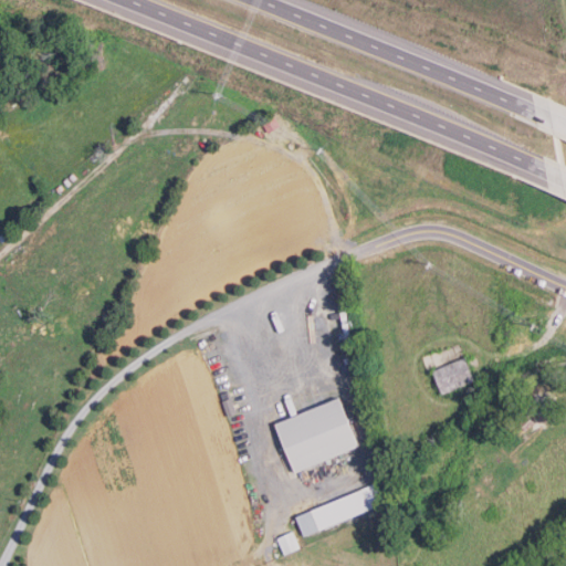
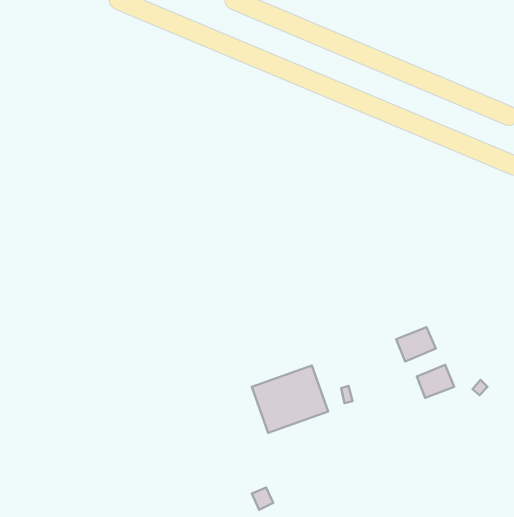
building: none -> [417,365,454,398]
building: [294,484,384,537] -> none

